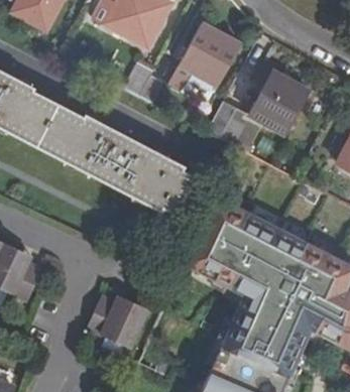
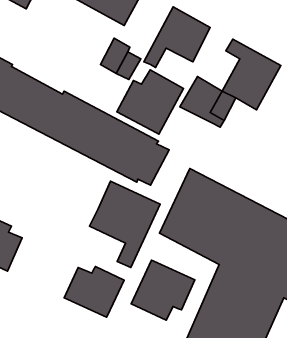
building: none -> [117,70,183,134]
building: none -> [89,181,160,267]
building: none -> [131,260,195,320]

